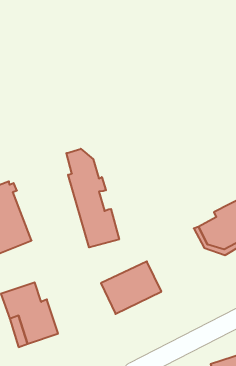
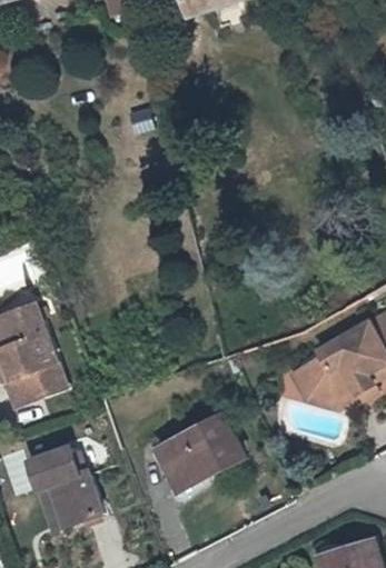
building: [66,149,119,247] -> none

